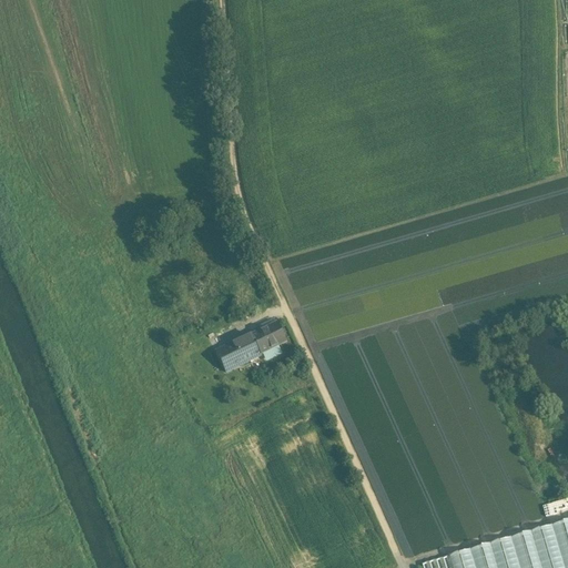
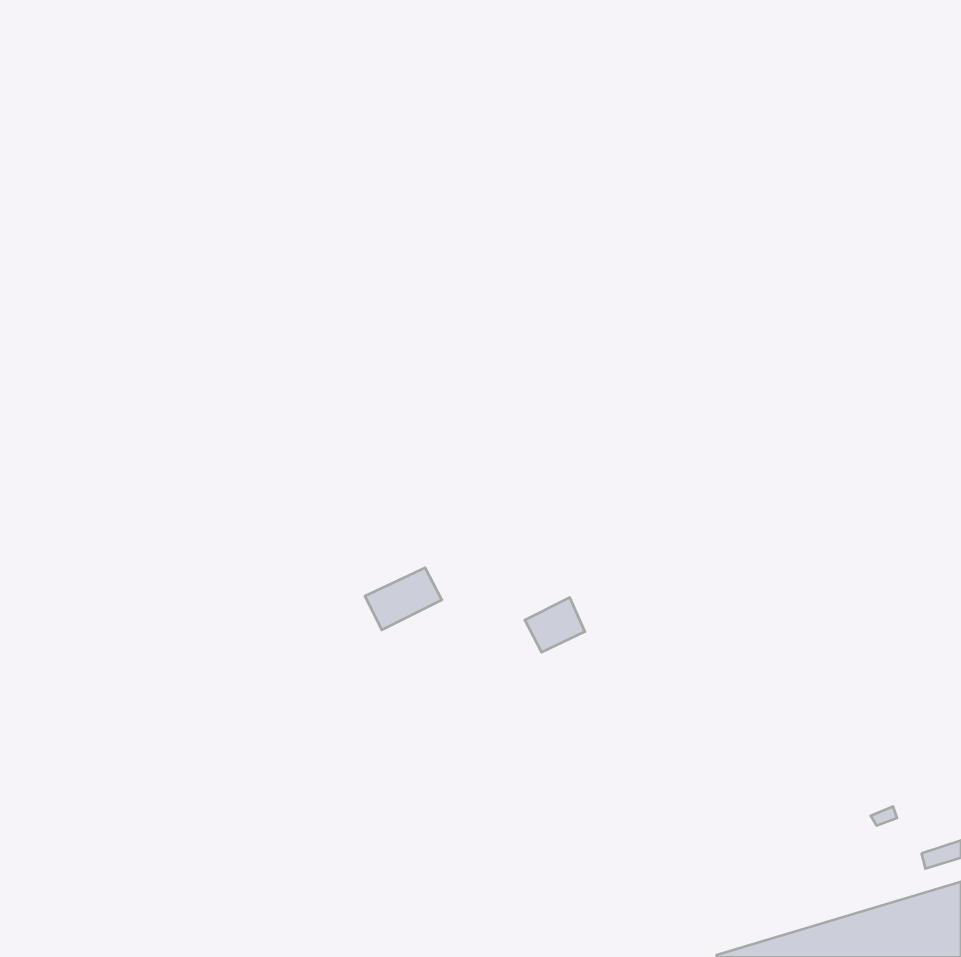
building: [251,322,286,354] -> [525,598,585,652]

